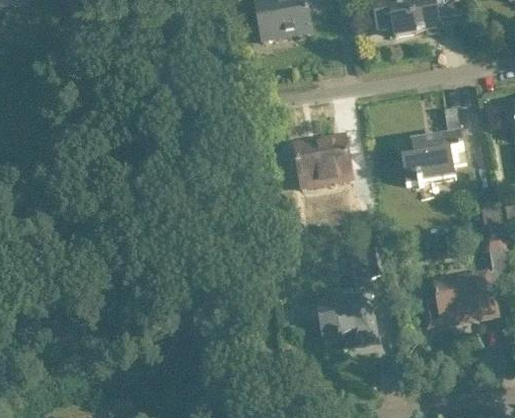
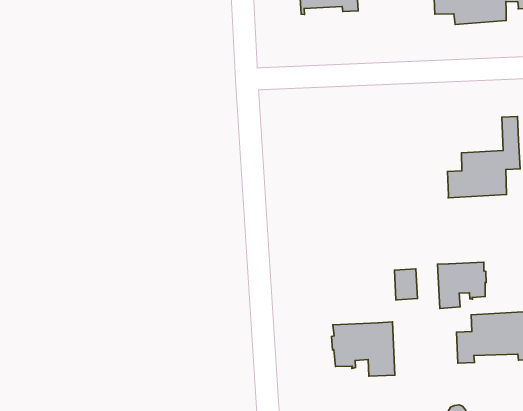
building: [293,133,373,213] -> none
building: none -> [438,262,486,308]

